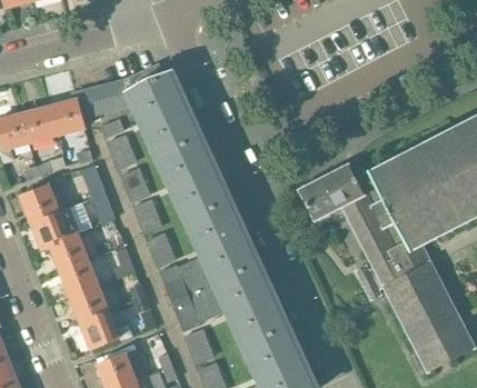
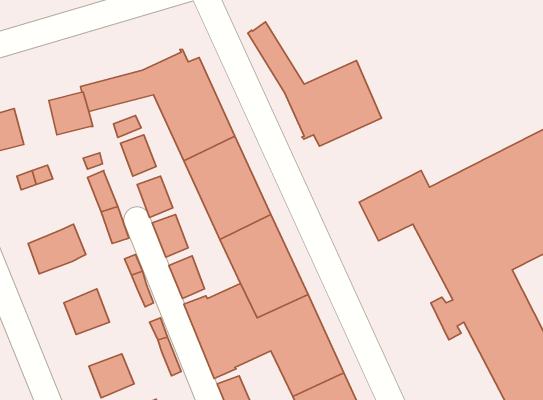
building: none -> [248,22,382,146]
building: [21,108,56,143] -> none
building: [21,186,59,223] -> none
building: [41,233,88,271] -> none
building: [71,287,108,322] -> none

